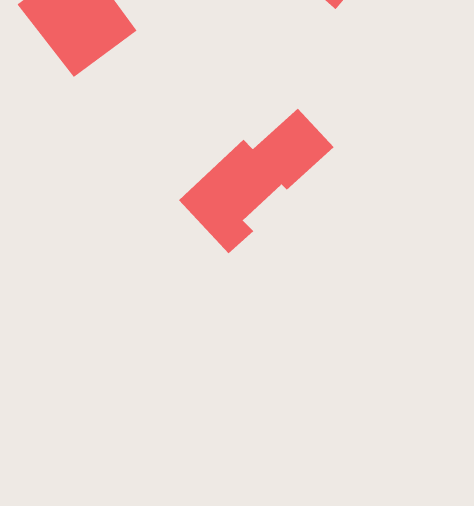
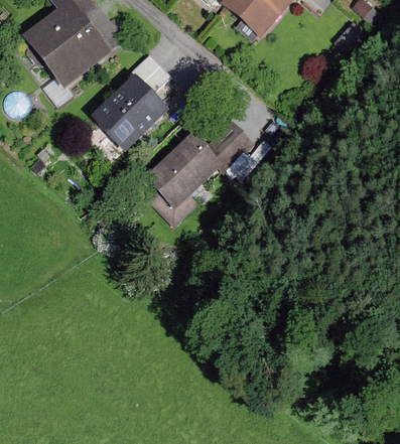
building: none -> [94,48,172,144]

